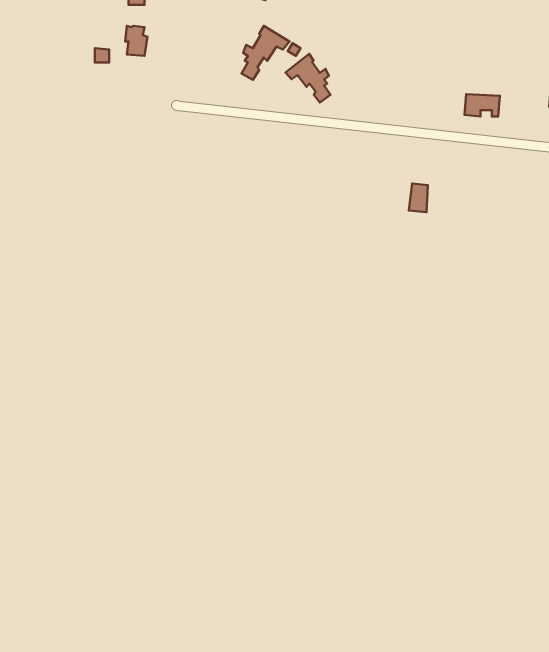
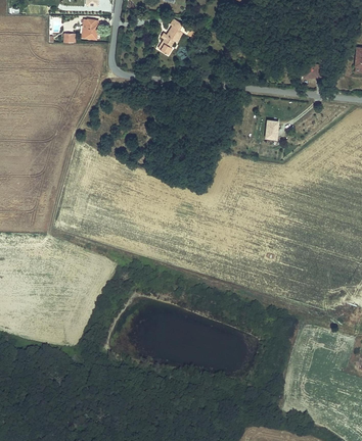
building: [285,54,330,103] -> none

